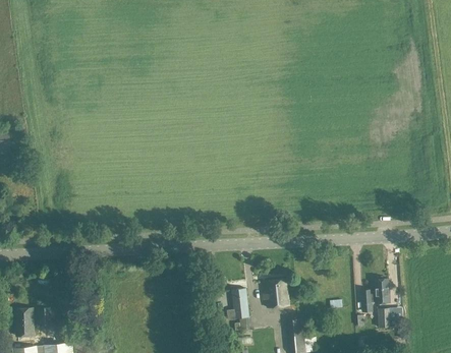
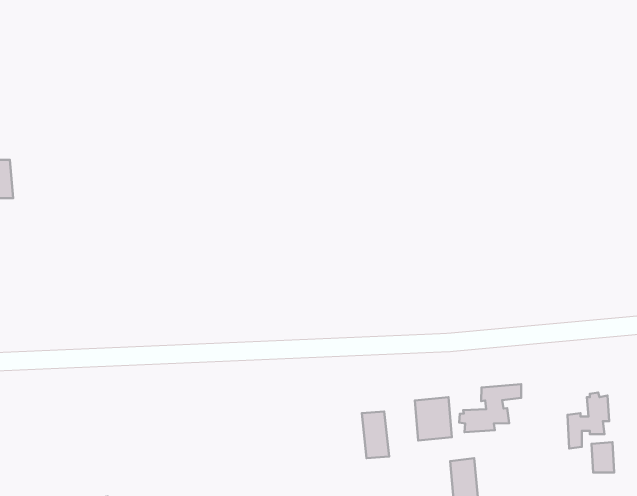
building: none -> [459,384,521,432]
building: [14,306,50,336] -> none

